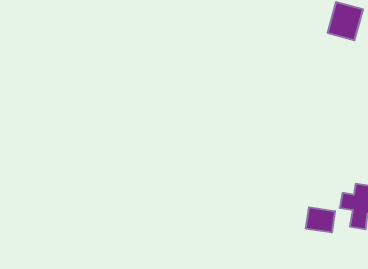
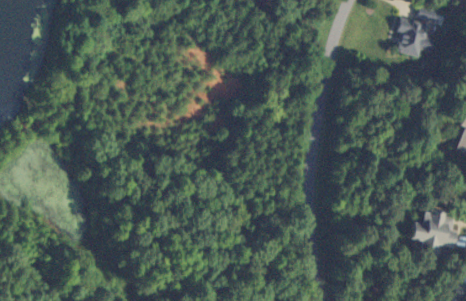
building: [306,207,335,233] -> none

